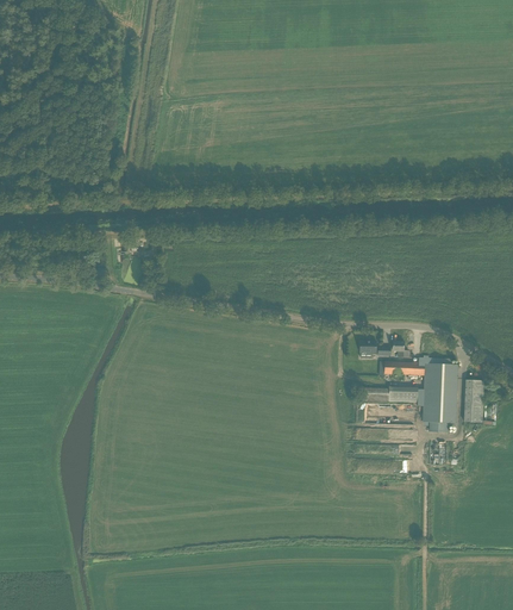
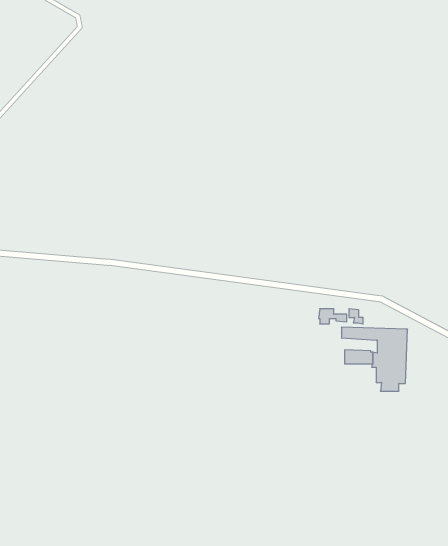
building: [464,380,484,423] -> none

